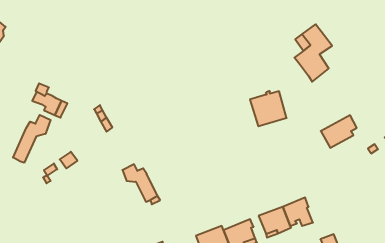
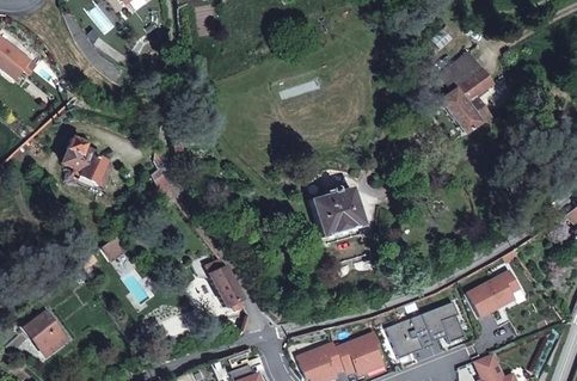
building: [250,91,287,126] -> [312,188,364,238]
building: [13,115,51,163] -> none
building: [321,115,357,148] -> [468,270,520,317]
building: none -> [25,311,68,356]

